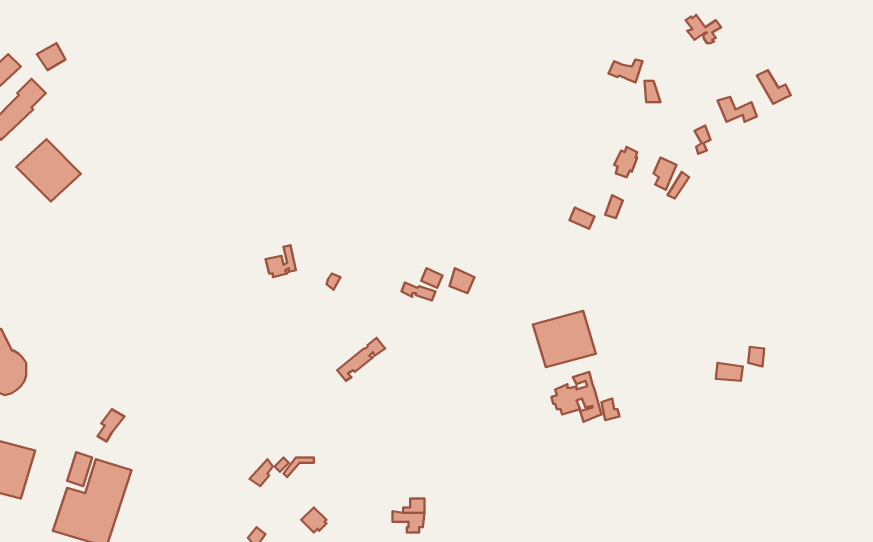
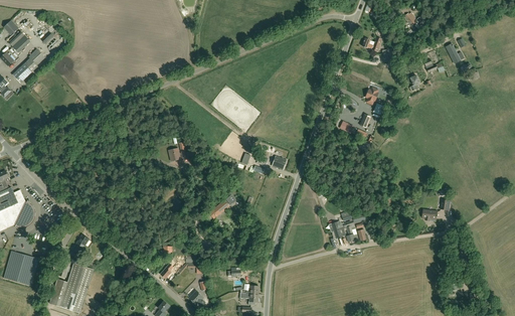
building: [16,139,81,201] -> none
building: [533,311,596,367] -> none

